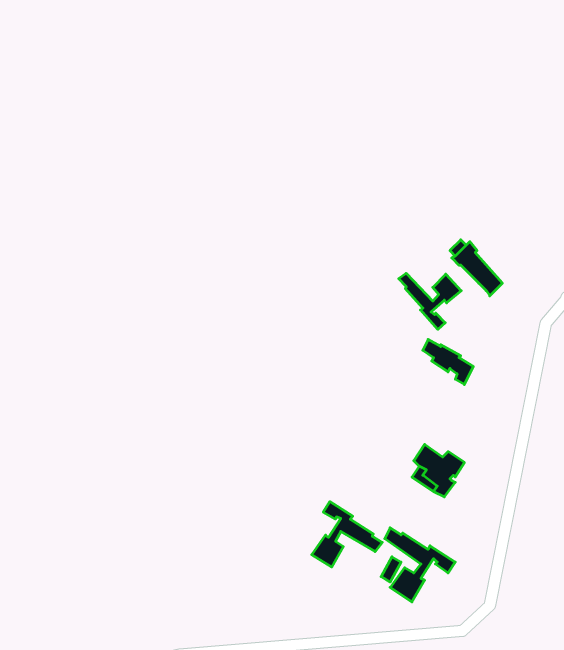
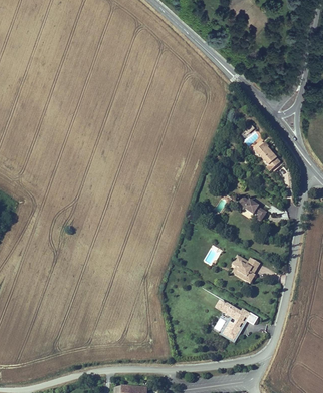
building: [399,273,461,329] -> none
building: [312,502,382,567] -> none

